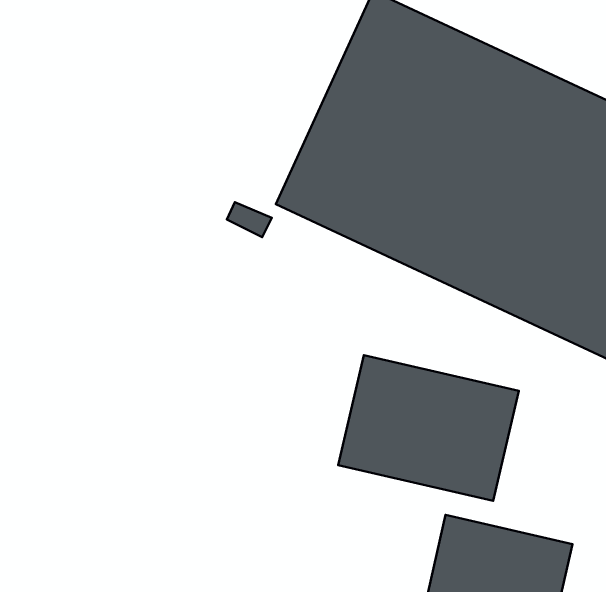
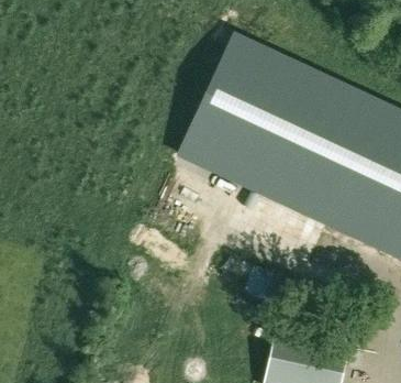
building: [338,355,519,501] -> none

